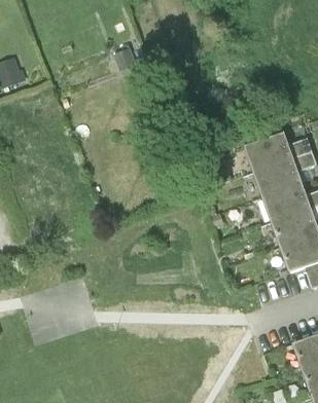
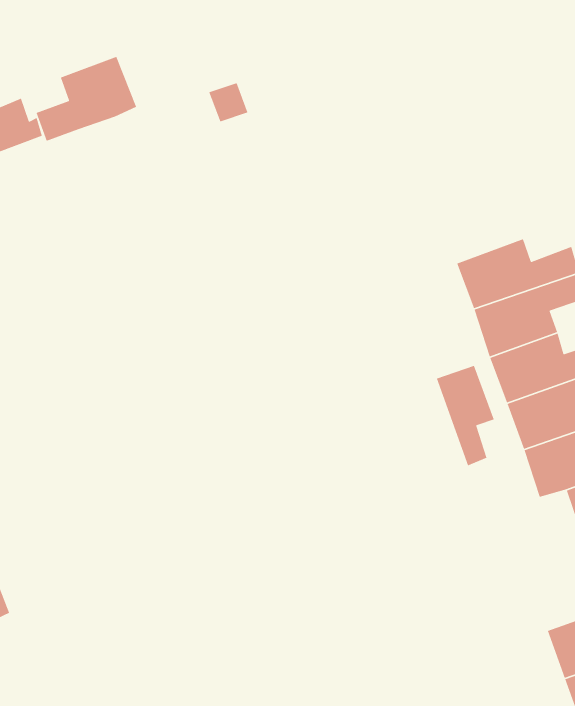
building: none -> [35,56,137,142]
building: none -> [436,365,495,466]

